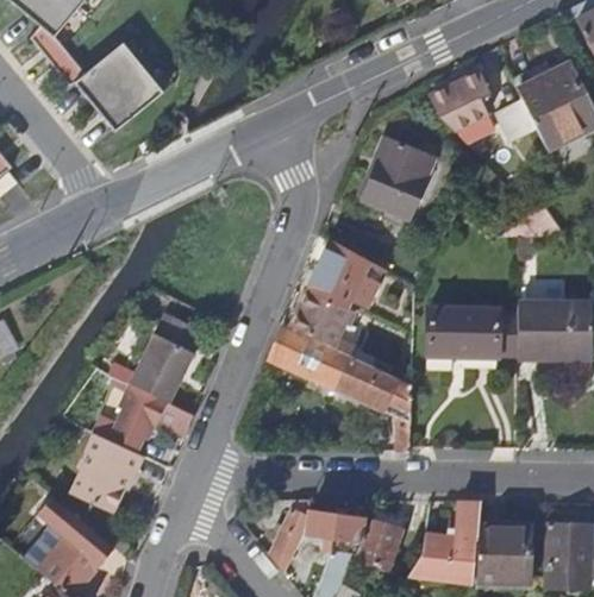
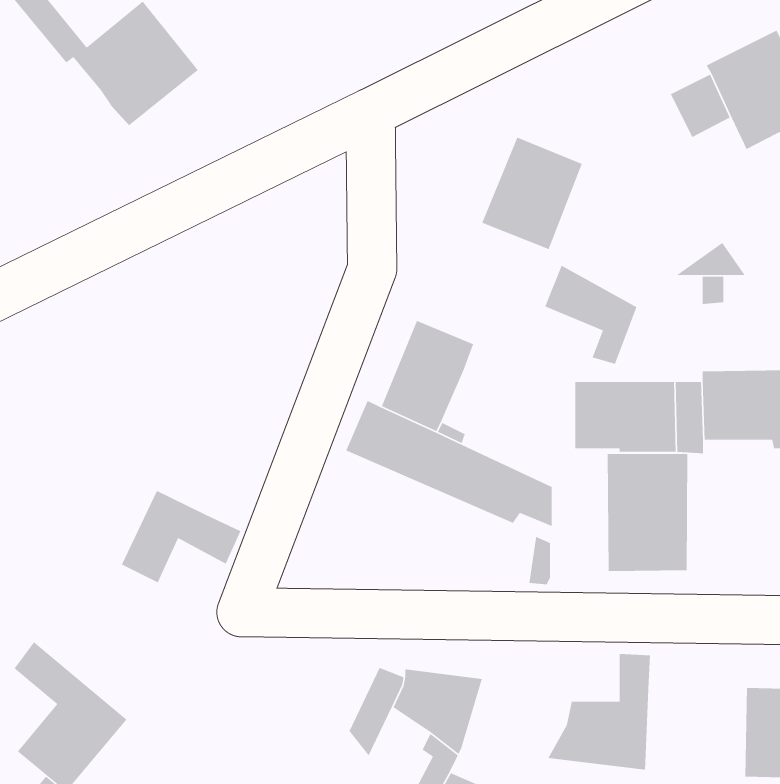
building: [430,70,490,128] -> none
building: [317,237,382,307] -> [544,264,637,365]
building: [131,312,200,402] -> none
building: none -> [607,453,688,572]
building: [70,431,144,511] -> none
building: [356,507,413,568] -> none
building: [477,524,530,583] -> none

